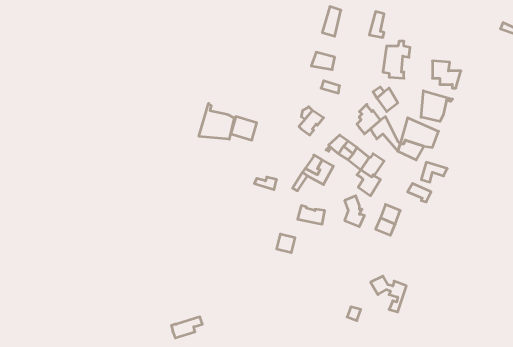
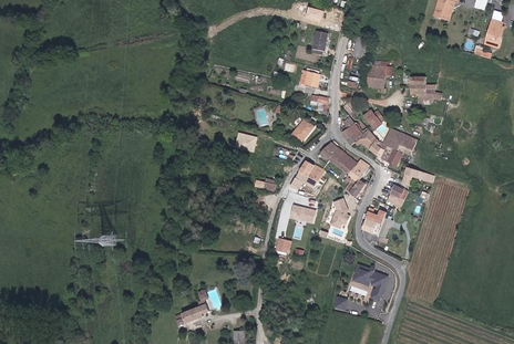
building: [421,91,453,121] -> none
building: [199,103,234,139] -> none

